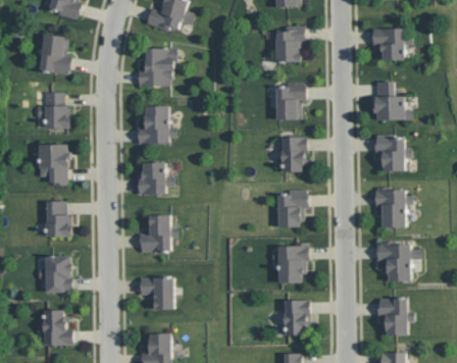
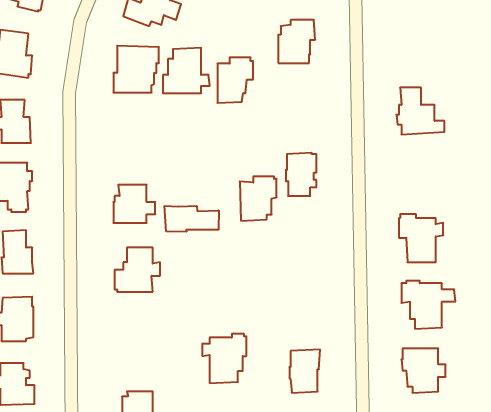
building: [371,29,411,61] -> none
building: [275,83,305,120] -> [217,57,253,103]
building: [137,106,175,144] -> [163,48,210,93]
building: [373,135,411,171] -> none
building: none -> [164,206,219,232]
building: [276,191,307,227] -> [240,176,277,221]
building: [271,244,308,284] -> [202,334,246,383]
building: [140,277,173,310] -> none

